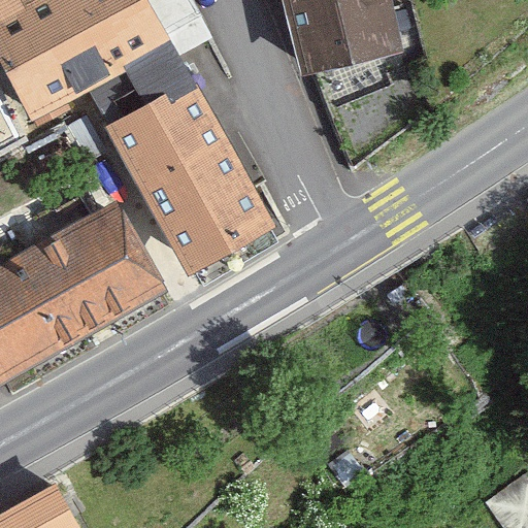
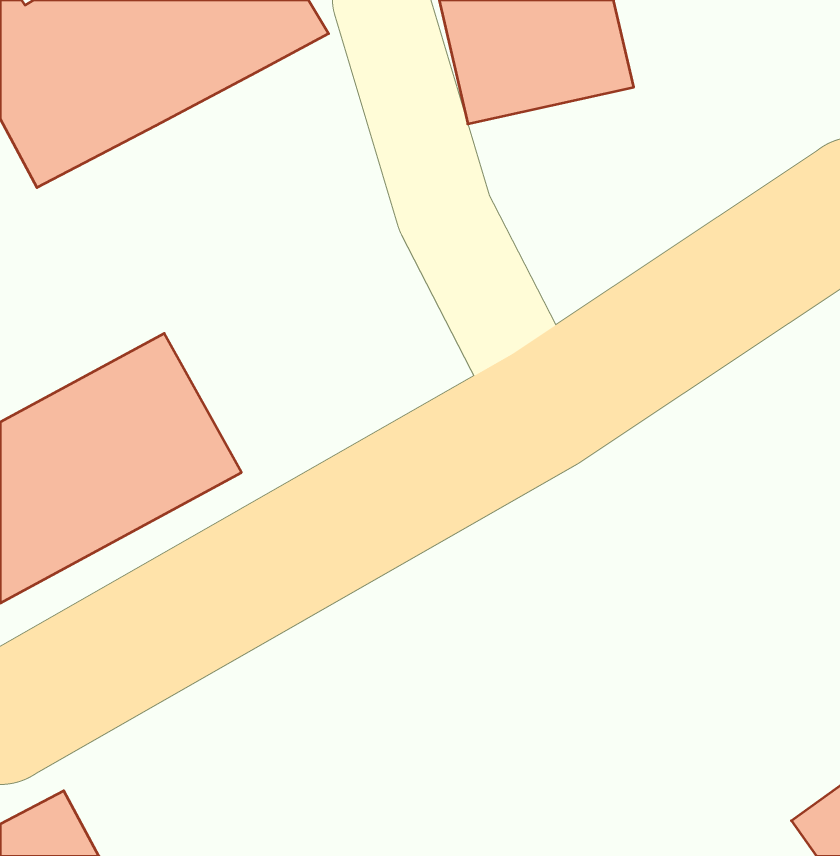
building: [106,44,265,270] -> none

